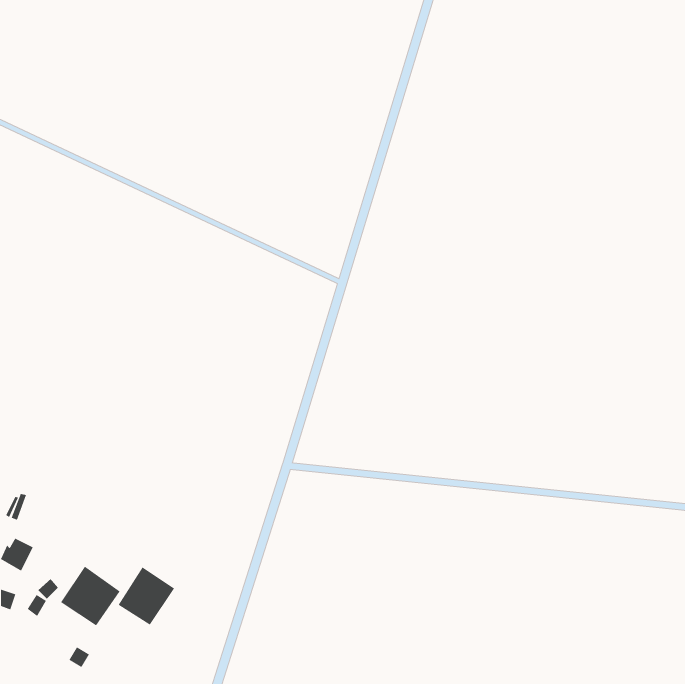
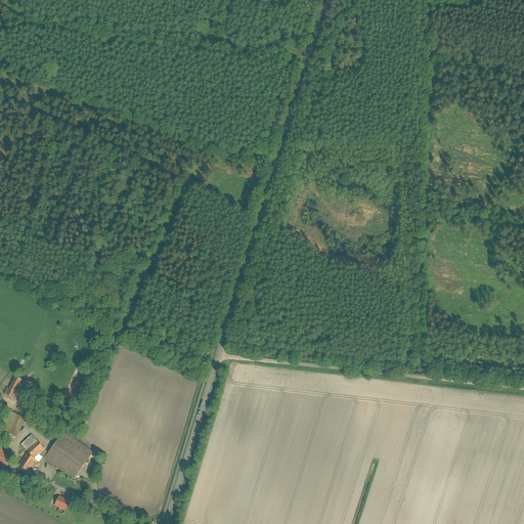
building: [118,567,175,625] -> none

